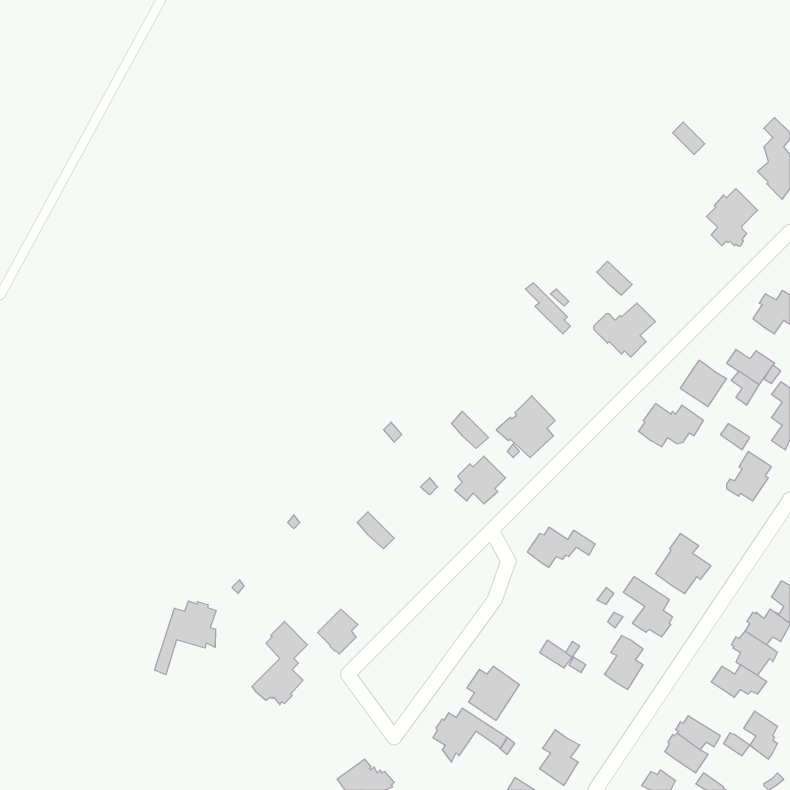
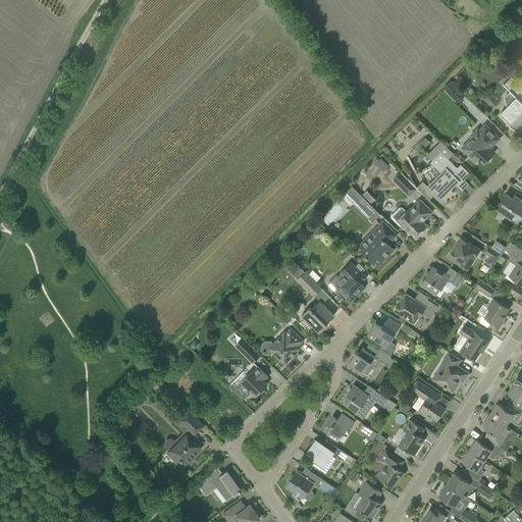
building: none -> [427,141,470,200]
building: none -> [359,221,397,264]
building: none -> [394,294,437,323]
building: none -> [367,317,401,348]
building: none -> [459,324,489,361]
building: none -> [268,327,304,364]
building: none -> [345,384,387,418]
building: [154,601,216,675] -> none
building: [318,609,358,654] -> [242,366,268,396]
building: none -> [322,416,355,440]
building: none -> [376,449,404,486]
building: [744,711,778,759] -> [462,450,484,481]
building: none -> [198,472,239,501]

